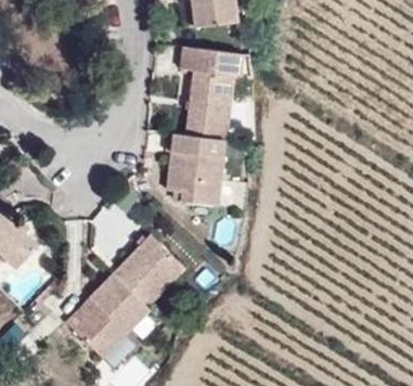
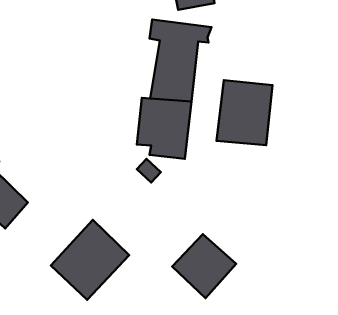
building: none -> [216,80,273,145]
building: [114,233,186,306] -> [172,234,236,298]

